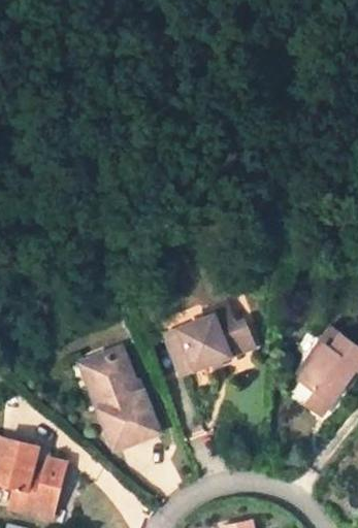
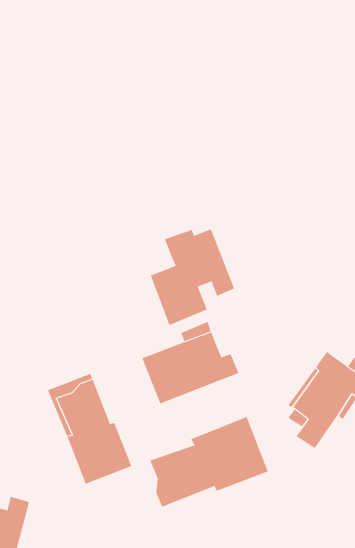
building: none -> [150,229,235,326]
building: none -> [149,416,268,508]

